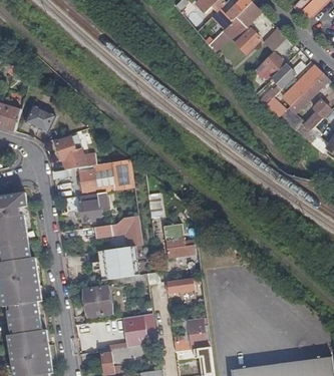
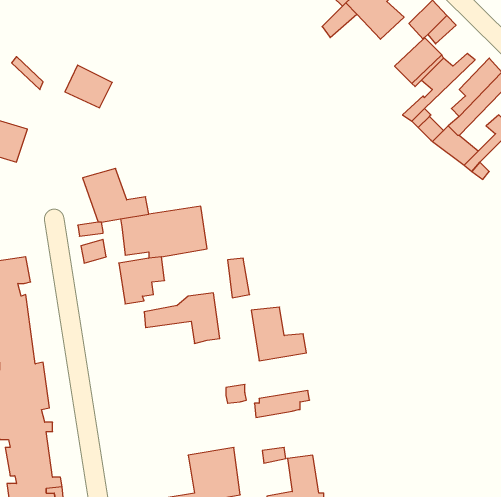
building: [26,105,56,132] -> [65,65,112,108]
building: [93,245,138,280] -> none
building: [83,286,112,317] -> none

